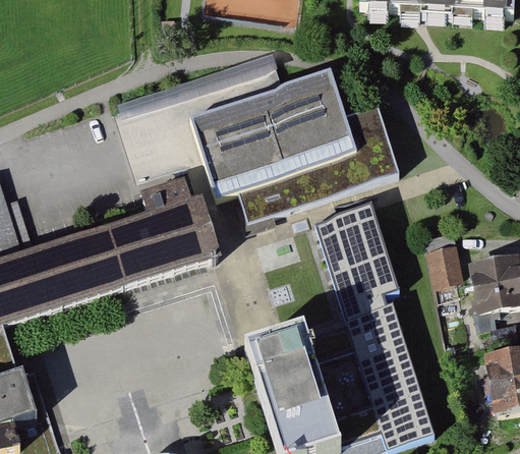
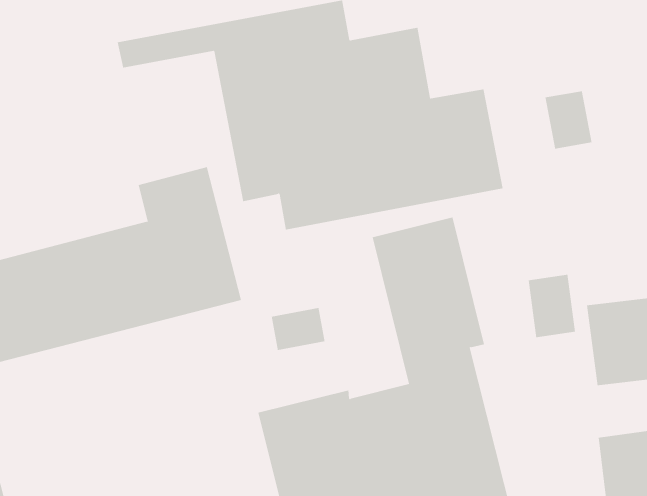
building: none -> [545,90,592,149]
building: none -> [271,307,325,351]

